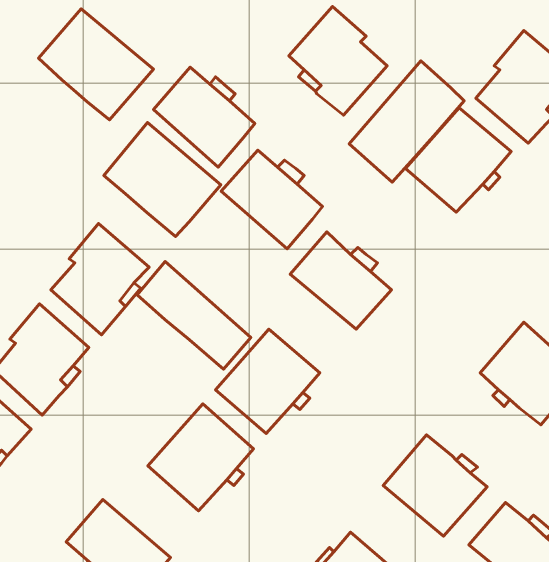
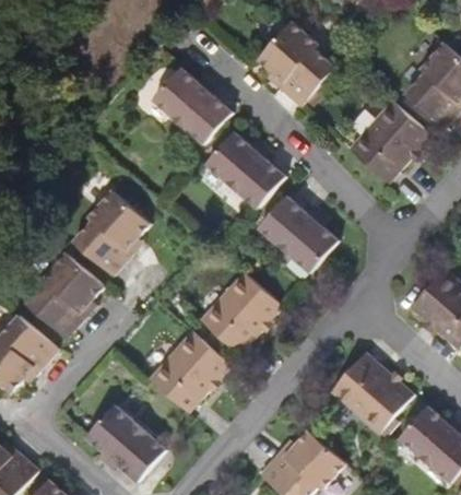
building: [38,9,154,120] -> none
building: [349,61,464,182] -> none
building: [104,123,221,236] -> none
building: [137,261,251,369] -> none

